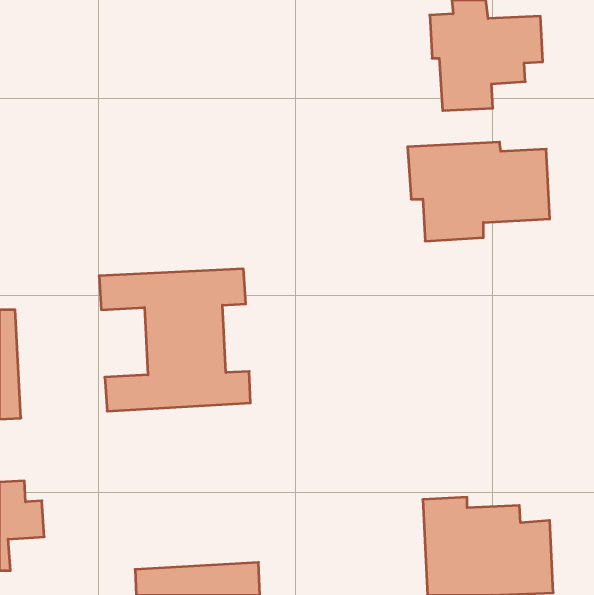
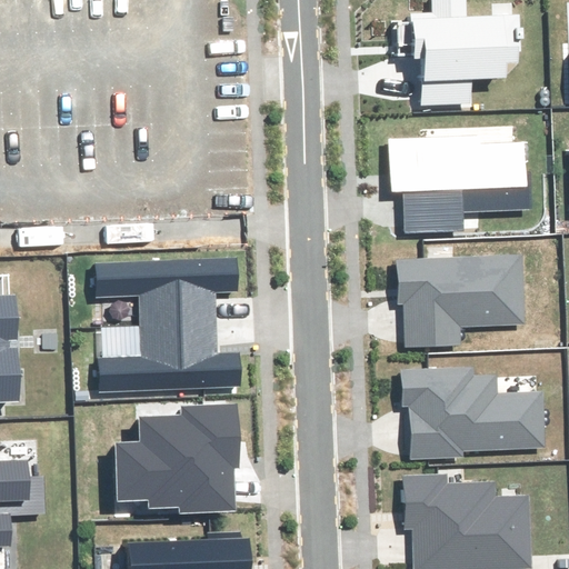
building: none -> [397,256,522,346]
building: none -> [401,367,543,458]
building: none -> [117,405,240,513]

